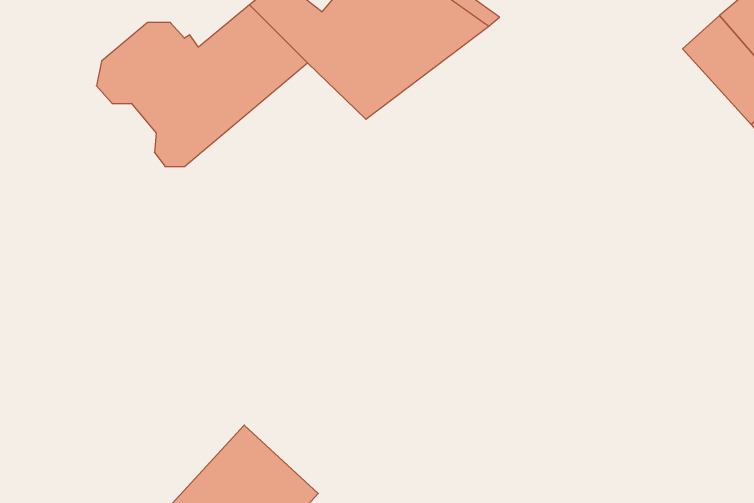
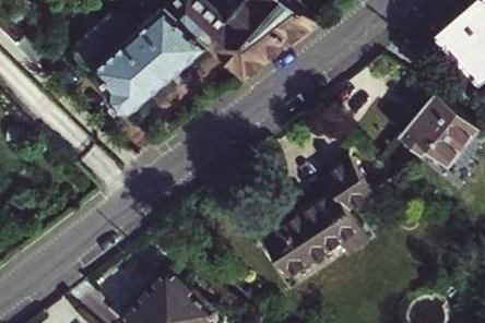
building: none -> [398,89,473,158]
building: none -> [261,159,371,274]

